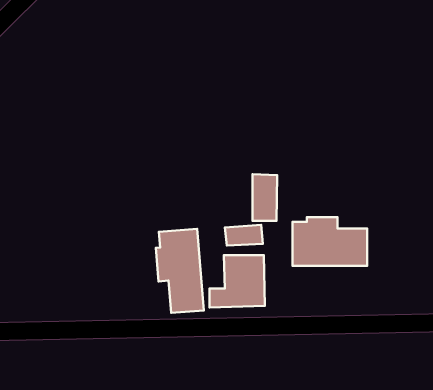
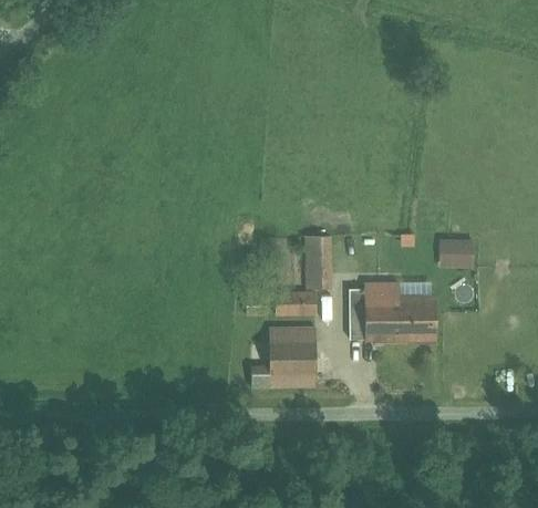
building: none -> [437,238,472,267]
building: [156,229,204,313] -> none

